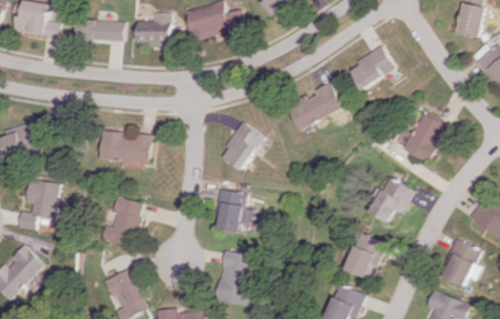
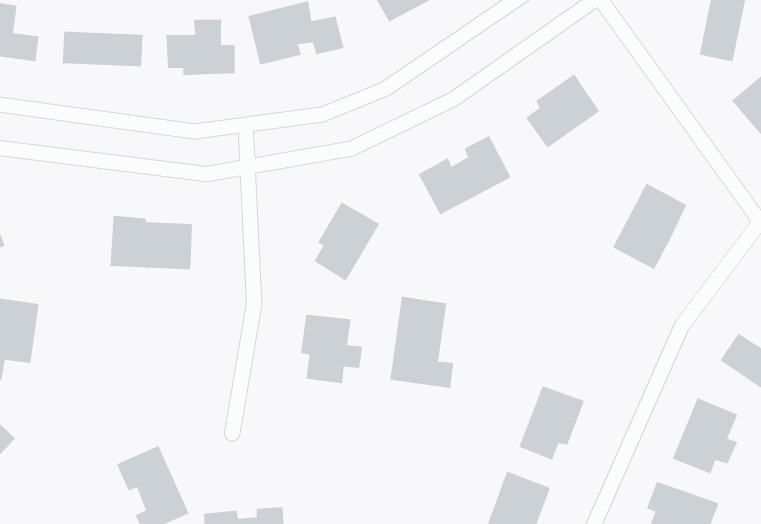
building: [371,177,411,224] -> none
building: [103,197,143,247] -> none
building: [217,250,256,306] -> [389,296,454,388]

